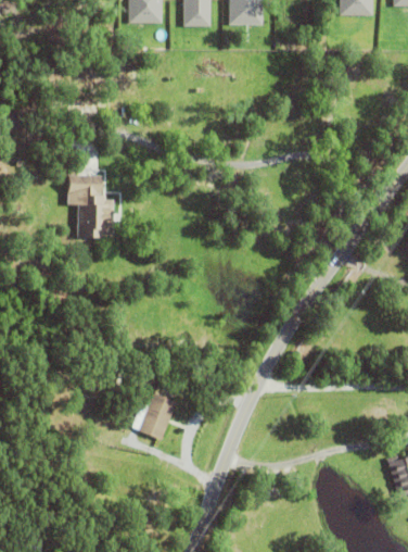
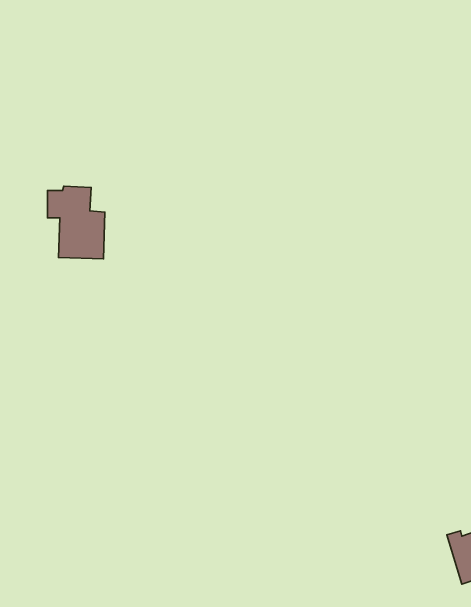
building: [137,389,175,438] -> none

